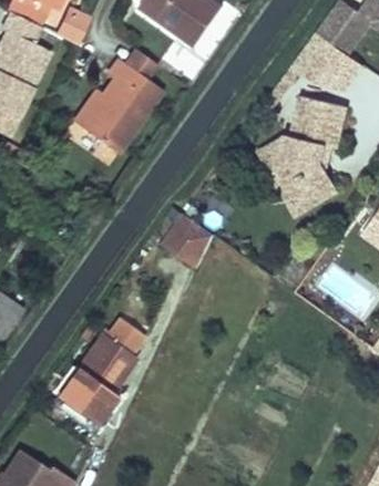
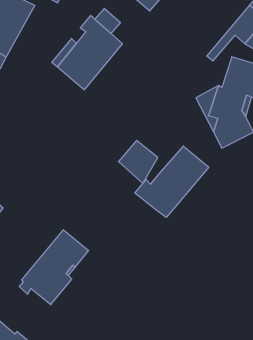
building: none -> [135,146,209,217]

